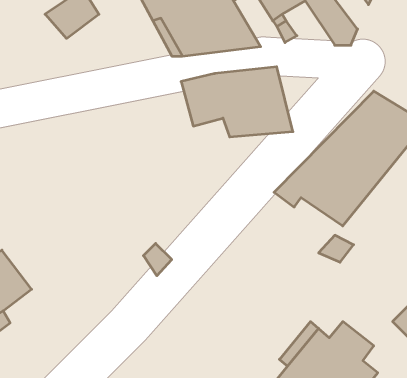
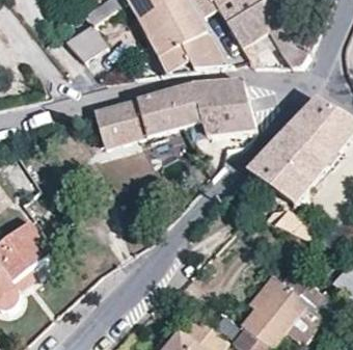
building: none -> [91,91,180,143]

